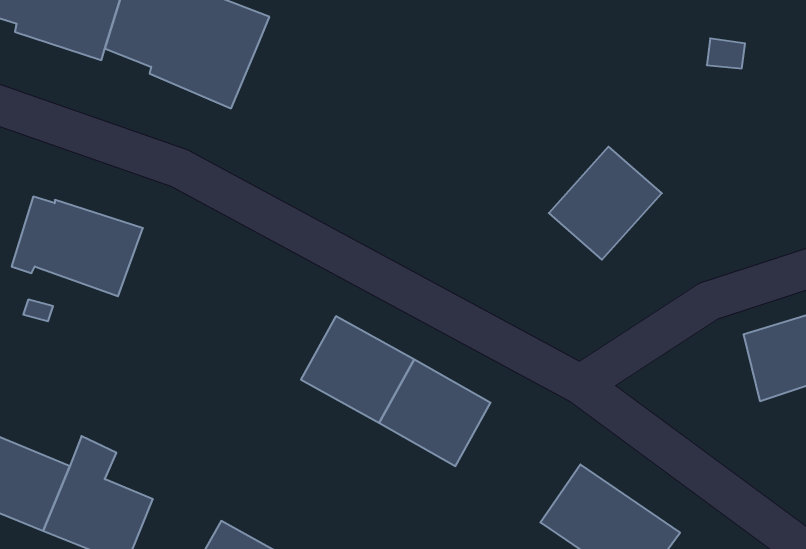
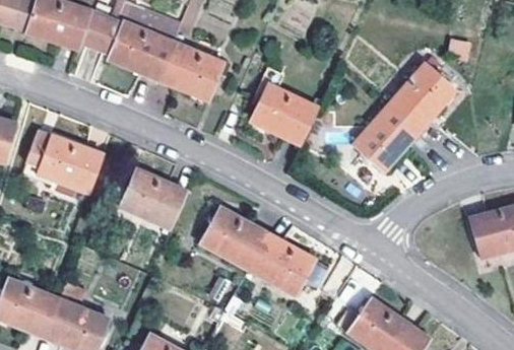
building: none -> [157,42,226,101]
building: none -> [388,62,457,132]
building: none -> [249,64,319,146]
building: none -> [110,168,188,229]

